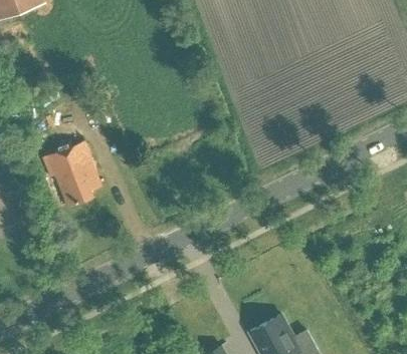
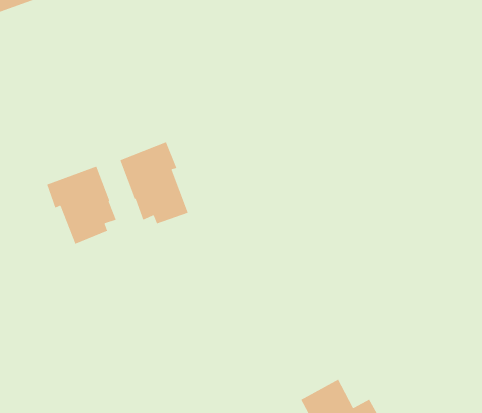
building: none -> [119,141,189,224]

